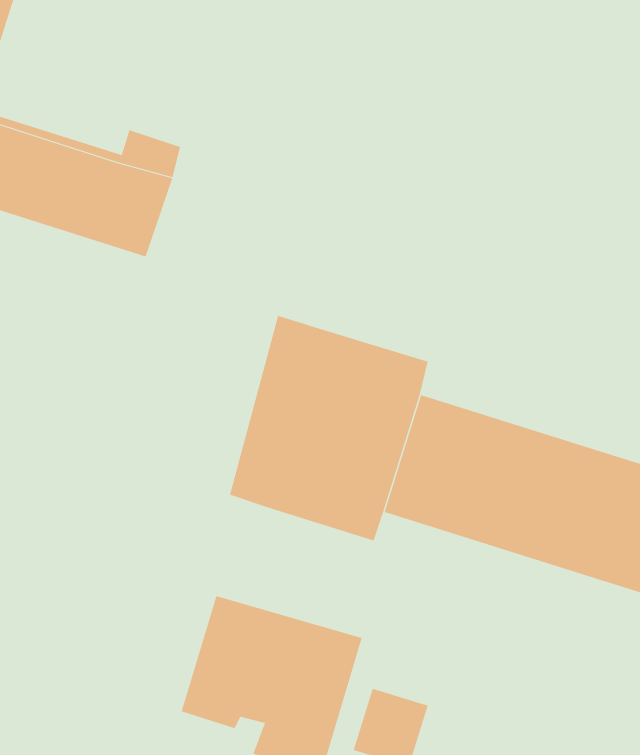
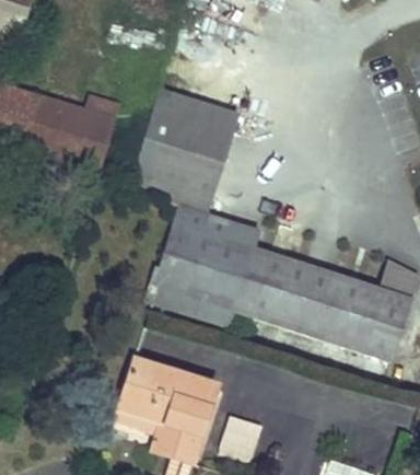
building: none -> [130,86,241,211]

